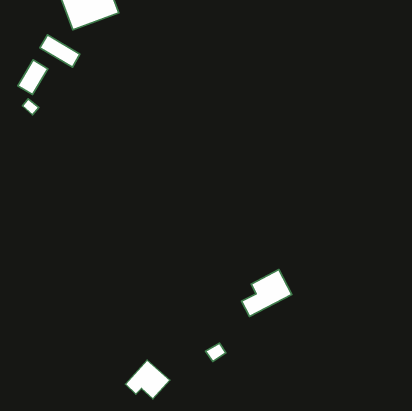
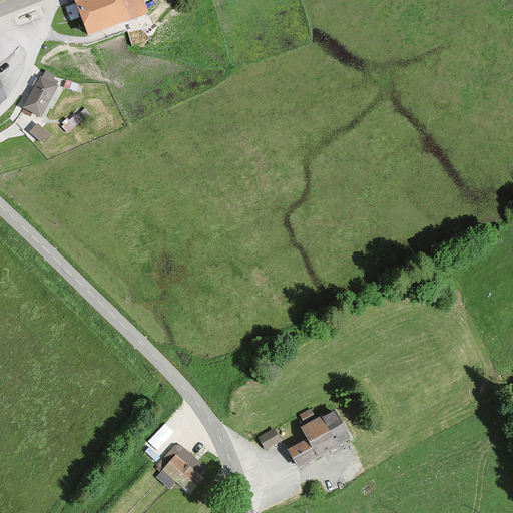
building: [40,35,80,67] -> none
building: [241,270,292,316] -> [289,409,351,467]

